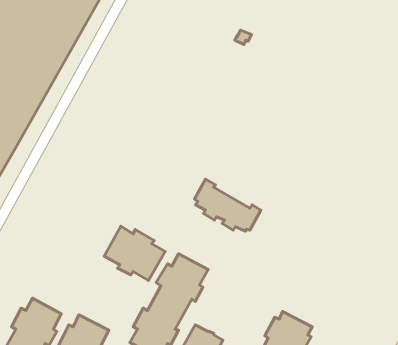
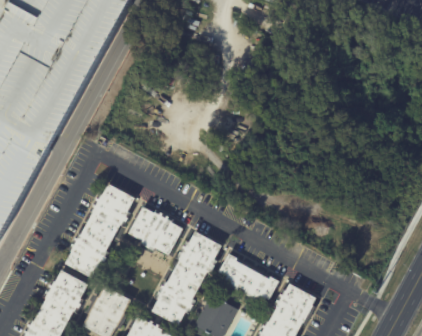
building: [195,179,261,231] -> [218,253,278,300]
building: none -> [65,184,135,280]

